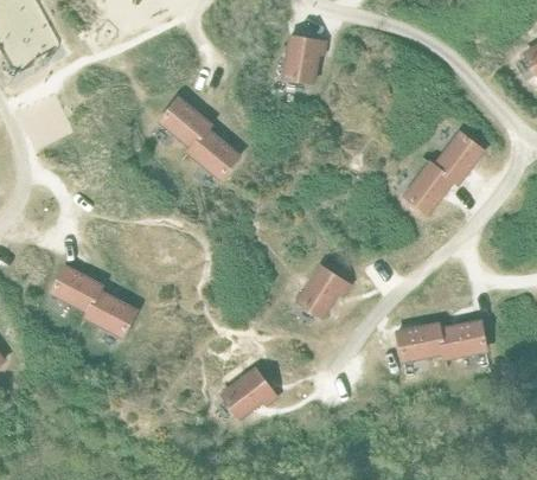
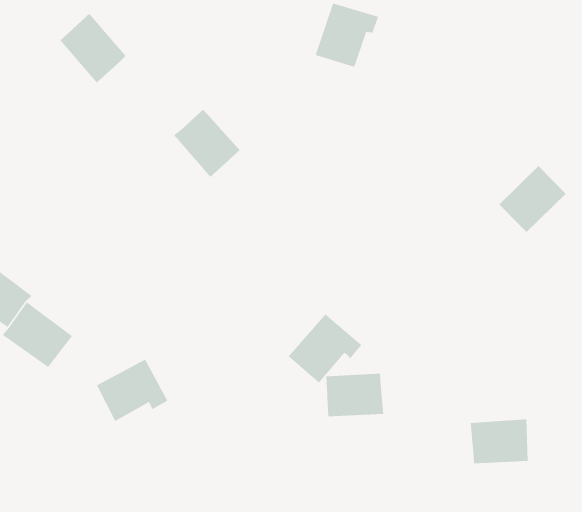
building: [160,97,211,148] -> [59,13,127,83]
building: [405,162,454,215] -> none
building: [397,324,445,361] -> [326,373,384,417]
building: [223,369,277,418] -> [96,359,168,422]

